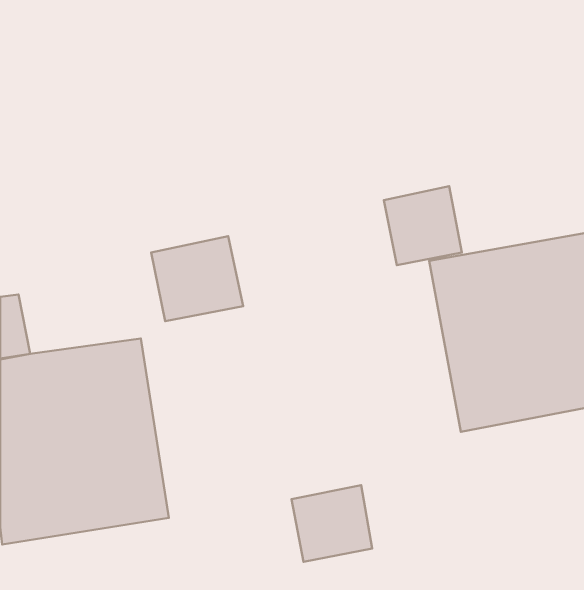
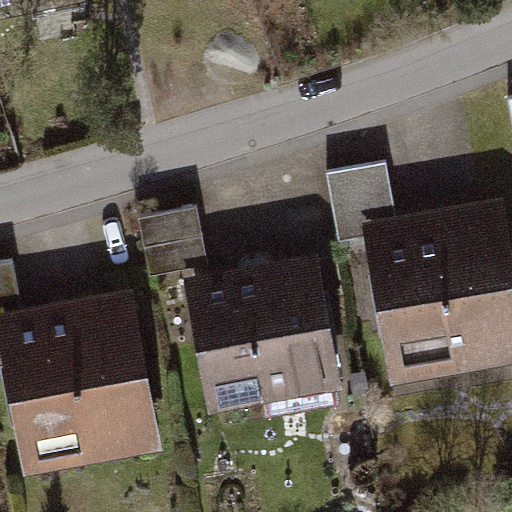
building: none -> [165,262,337,418]
building: [291,485,372,562] -> none

